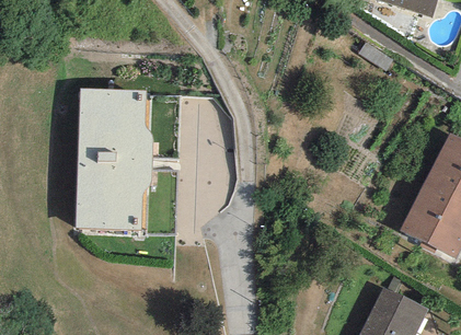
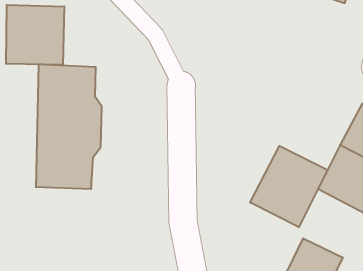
building: none -> [6,5,64,65]
building: none -> [250,146,328,227]

